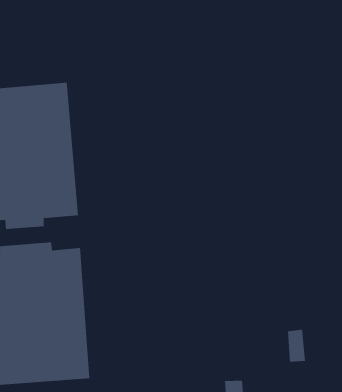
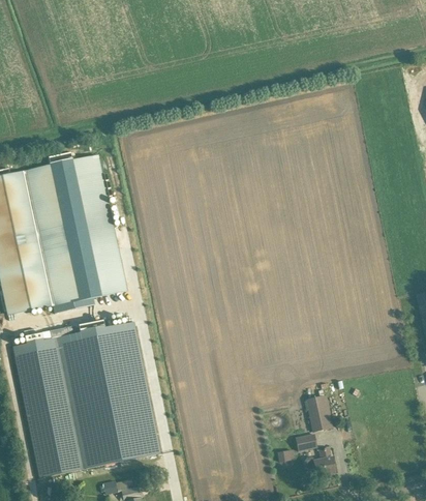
building: [287,329,306,362] -> [307,395,330,431]

